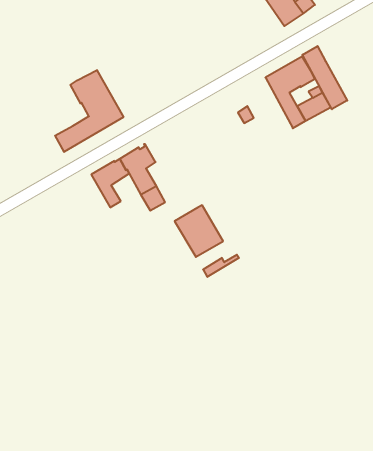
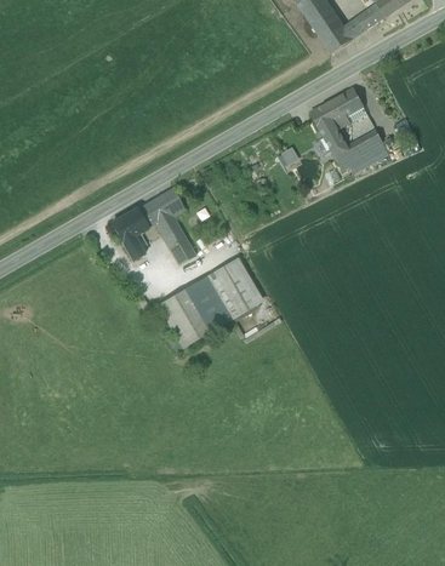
building: [302,46,347,109] -> none
building: [55,70,123,152] -> none
building: none -> [158,276,230,347]

